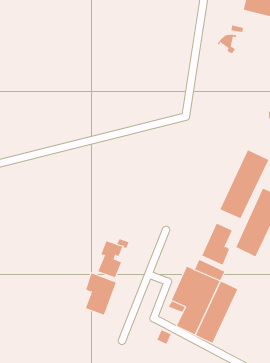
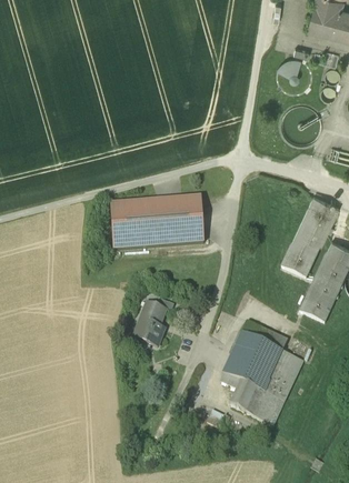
building: none -> [110,197,203,248]
building: [202,223,233,266] -> none
building: [85,273,117,316] -> none

